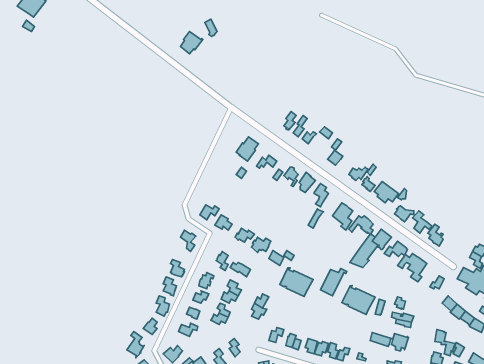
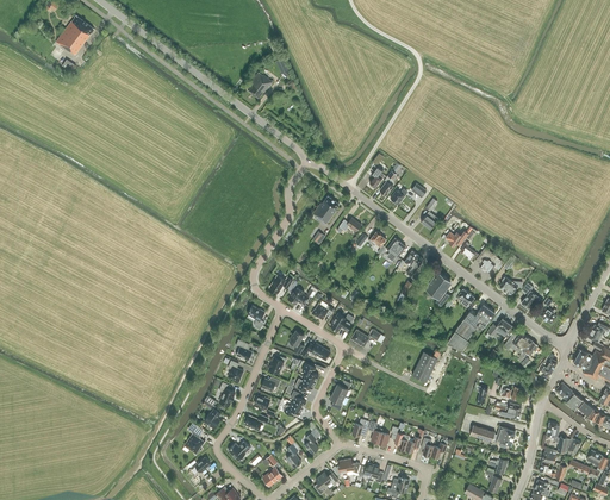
building: [280,268,313,297] -> none
building: [342,286,375,314] -> none

